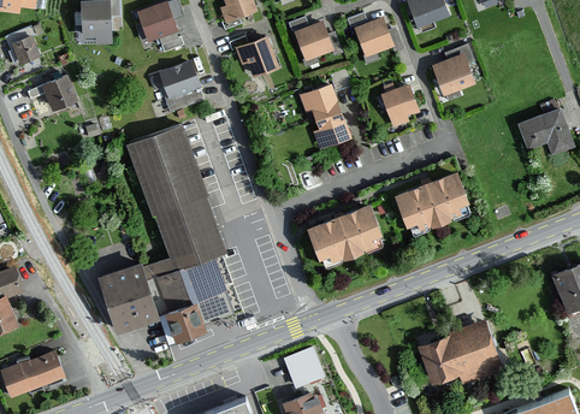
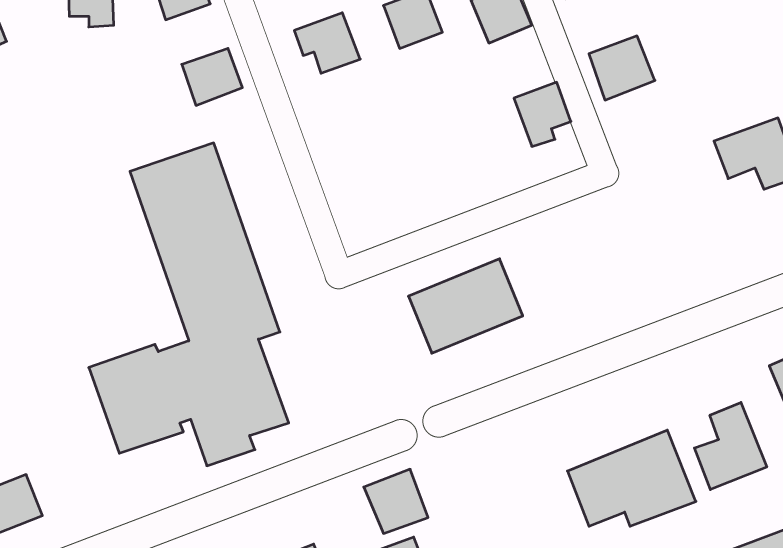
building: [41,77,76,112] -> none
building: [298,84,351,149] -> none
building: [397,172,475,233] -> none
building: none -> [694,402,767,490]

